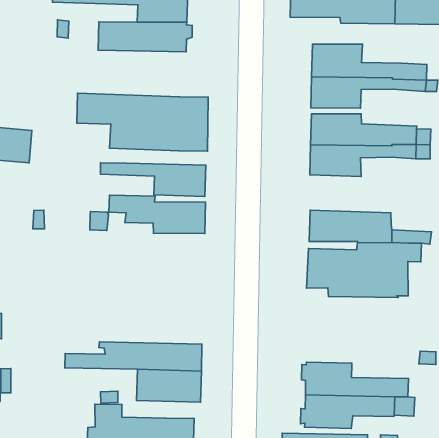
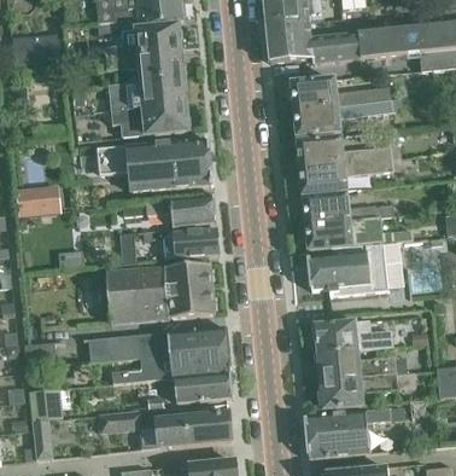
building: none -> [111,101,188,134]
building: none -> [303,193,393,224]
building: none -> [106,262,215,321]
building: none -> [76,326,228,361]
building: none -> [312,319,393,353]
building: none -> [100,410,146,434]

